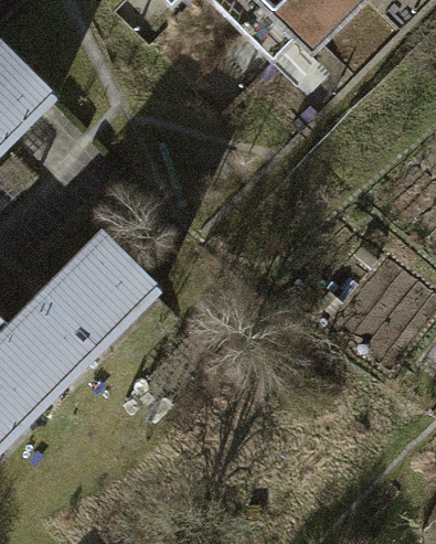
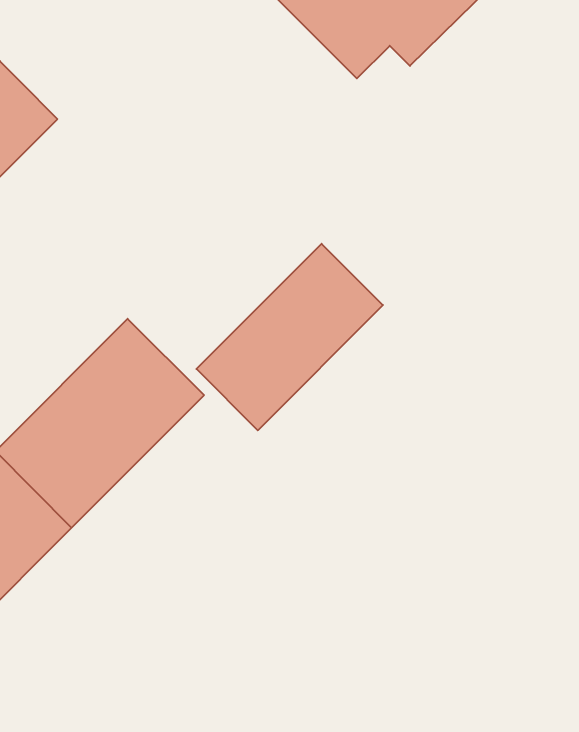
building: none -> [196,244,383,430]

